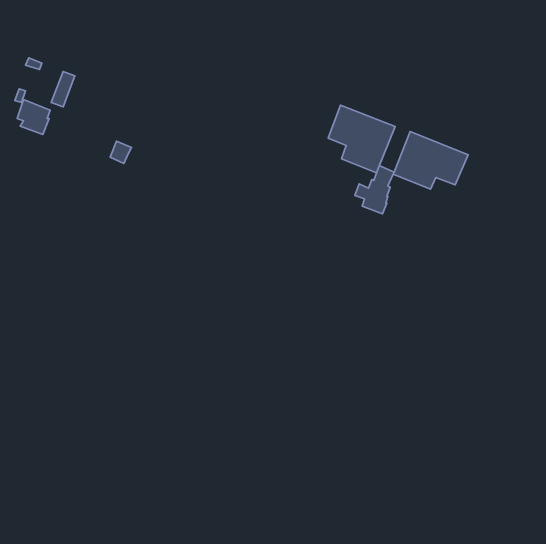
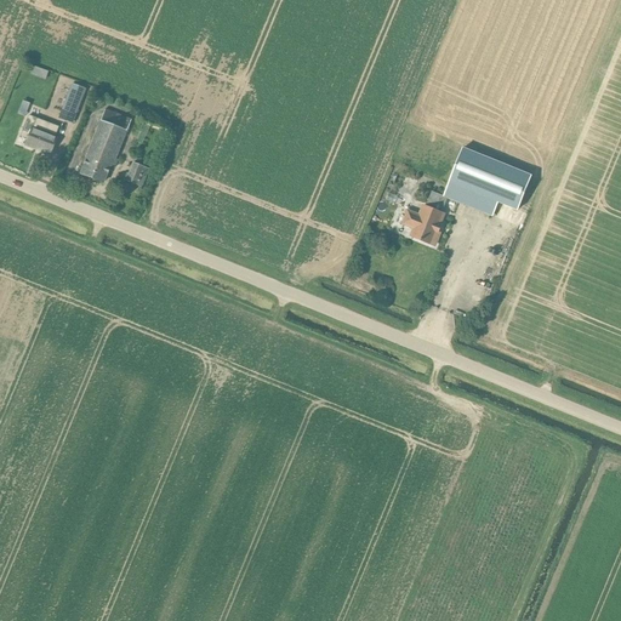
building: none -> [79,107,130,181]
building: [328,105,395,173] -> none

